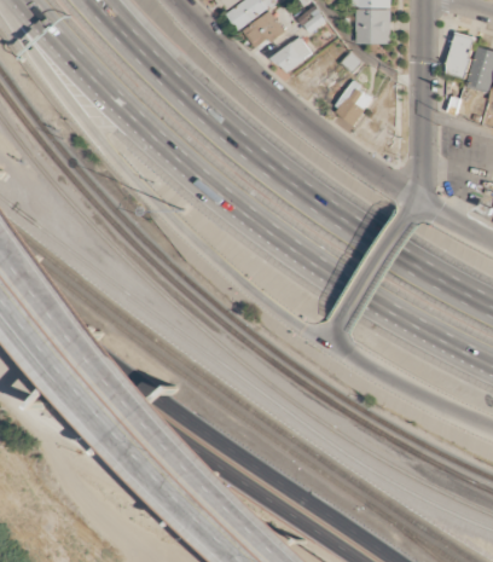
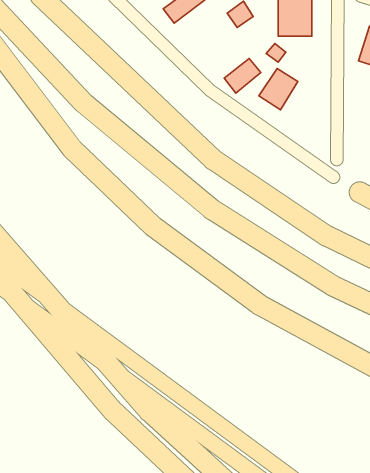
building: [243,12,285,50] -> none
building: [272,35,313,74] -> [224,59,261,93]

